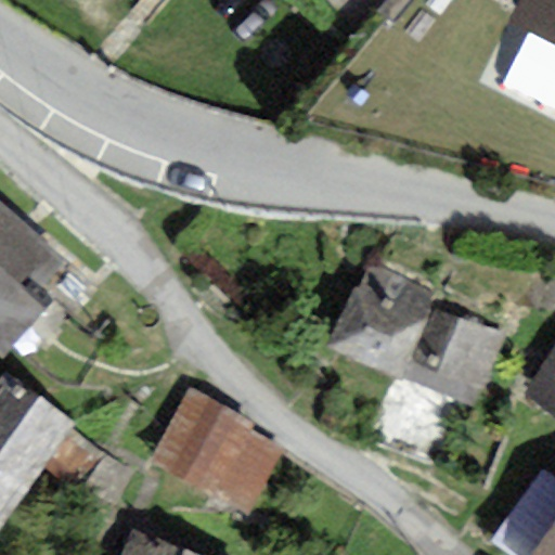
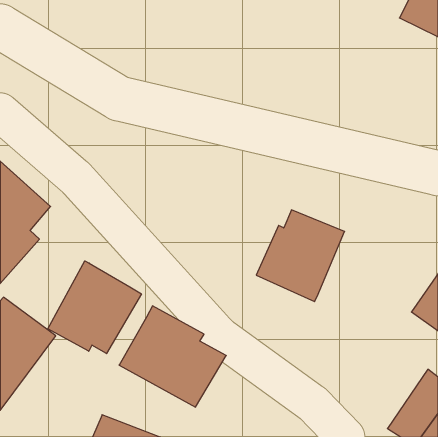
building: [401,311,496,402] -> none
building: none -> [48,261,141,354]

